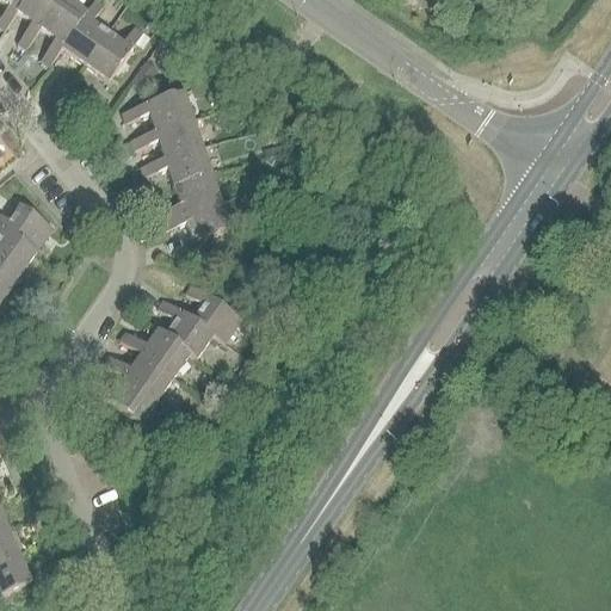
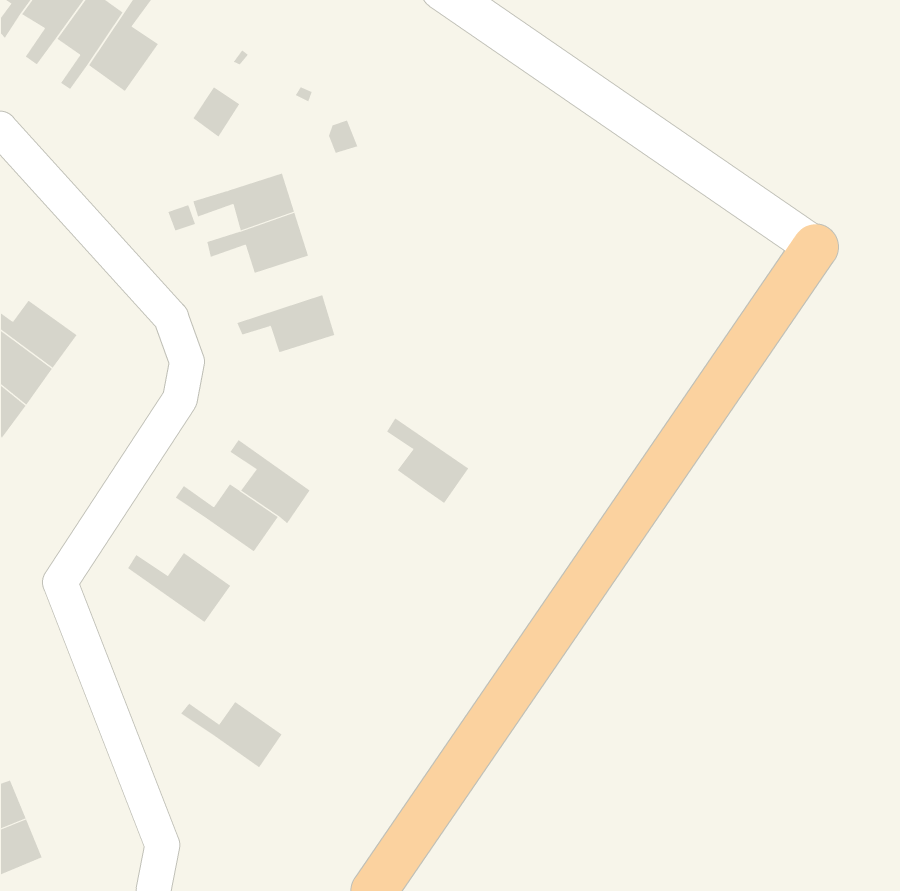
building: [86,21,143,79] -> none
building: [122,90,192,129] -> none
building: [159,173,220,218] -> none
building: [184,282,240,340] -> [386,417,469,504]
building: [104,351,173,396] -> [180,701,283,768]

